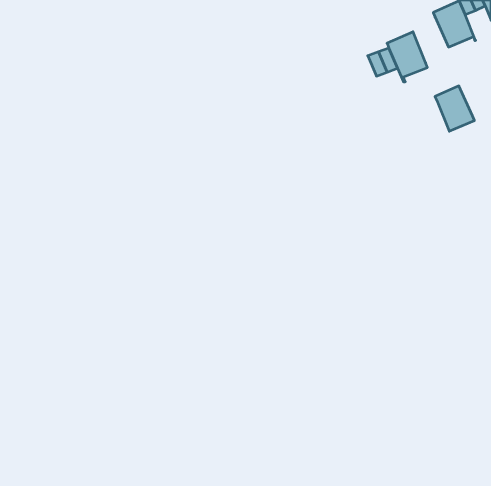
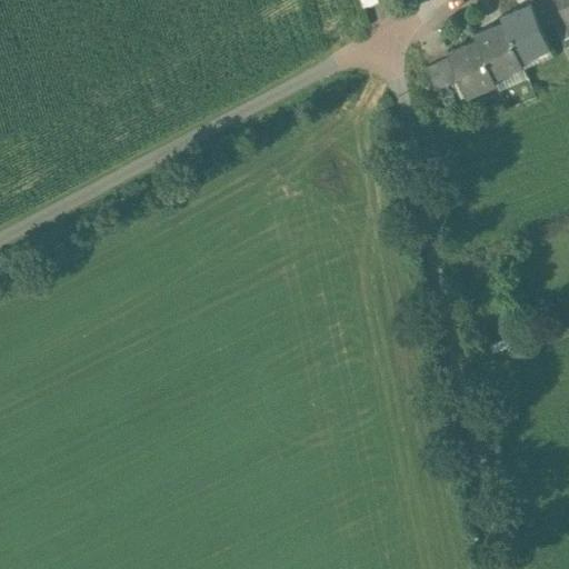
building: [435,86,474,131] -> [475,27,520,79]

